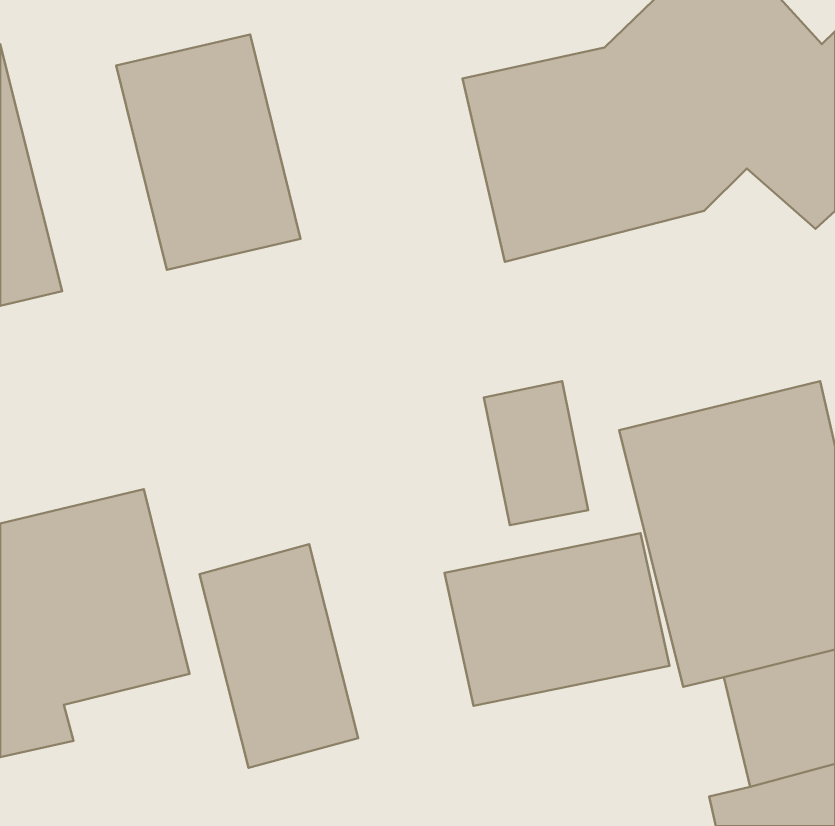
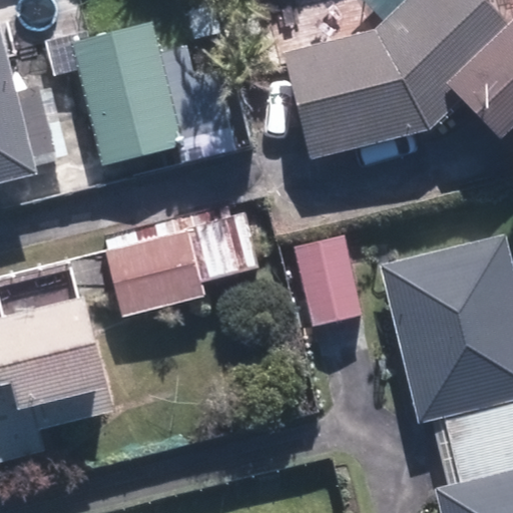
building: none -> [107,228,207,317]
building: [444,533,670,706] -> none
building: [199,544,358,768] -> none

